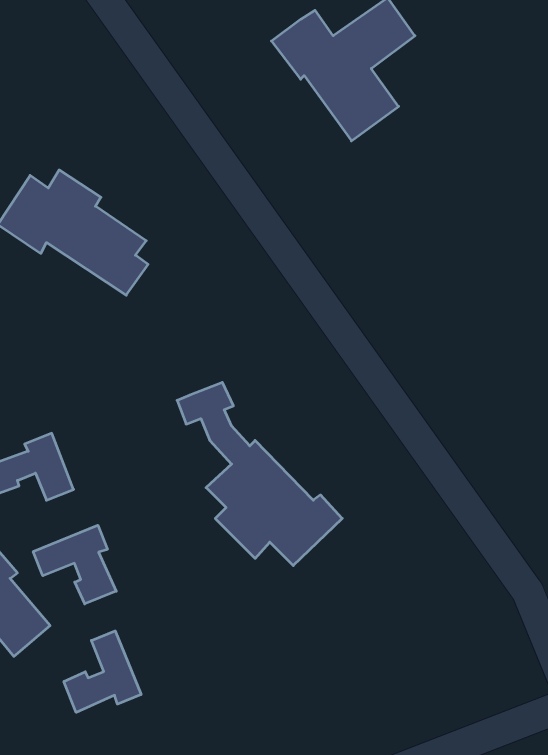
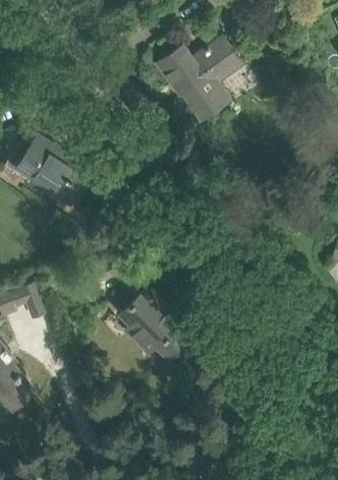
building: [33,525,116,604] -> none
building: [64,631,141,712] -> none

